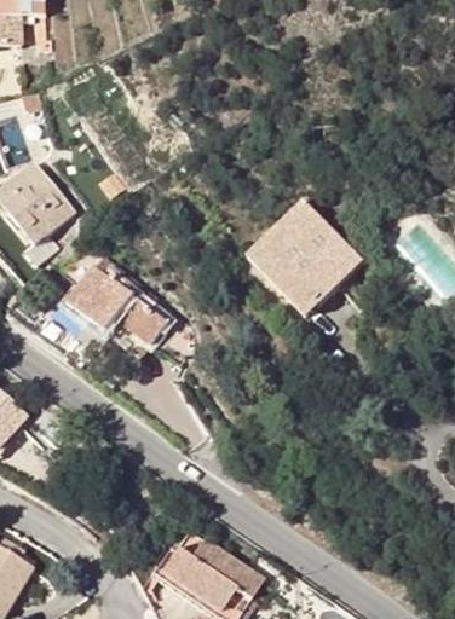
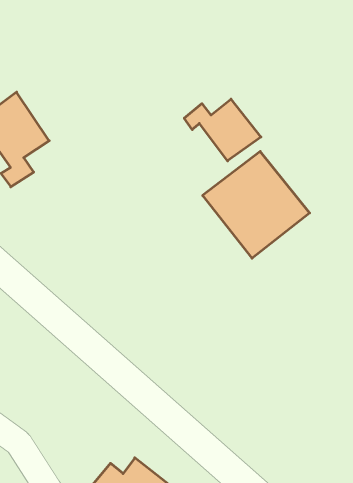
building: none -> [184,99,261,161]
building: [67,253,166,354] -> none

